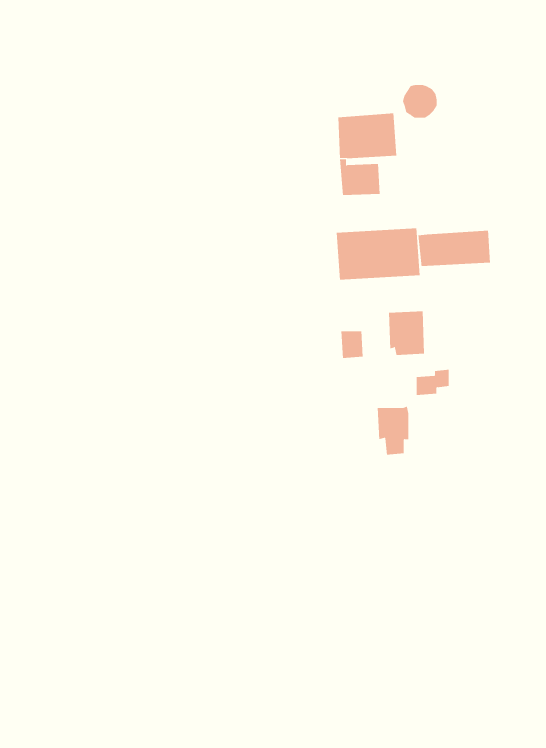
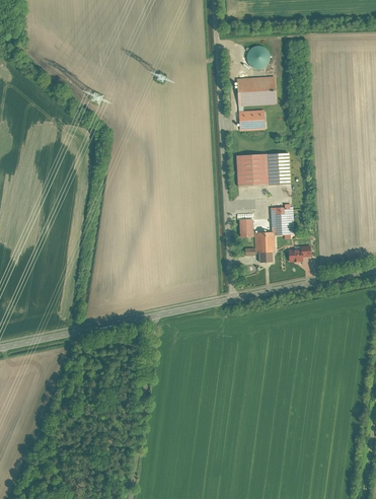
building: [402,84,438,118] -> [245,47,269,69]
building: [418,230,490,267] -> none
building: [377,406,409,455] -> [253,231,275,264]

